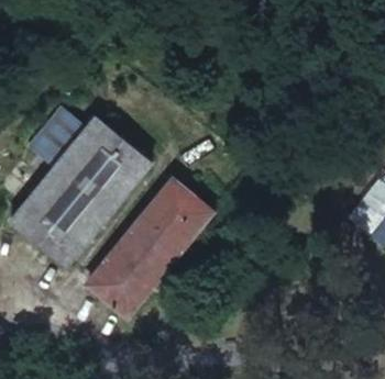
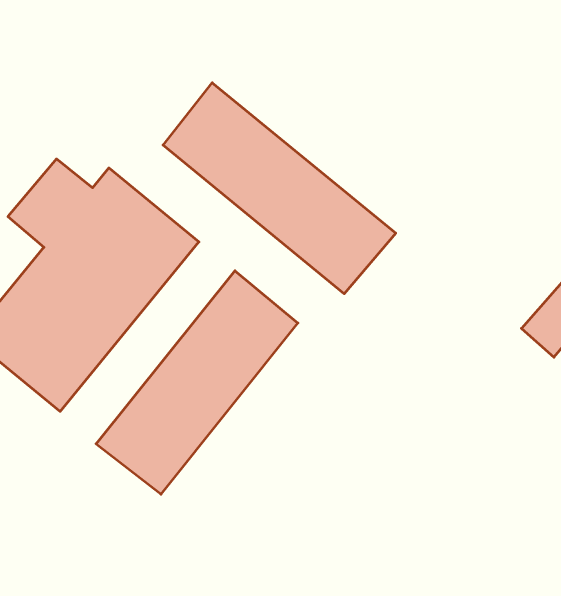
building: none -> [163,83,396,294]

